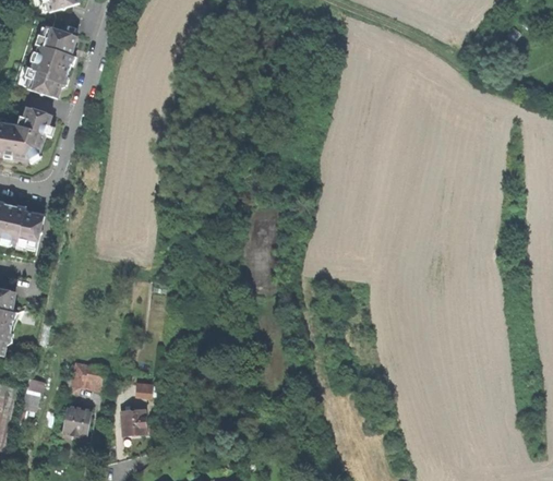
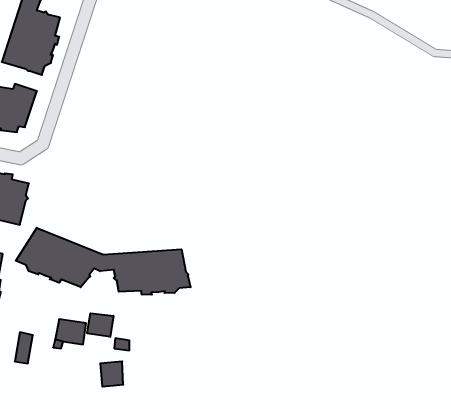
building: none -> [16,228,191,295]
building: none -> [87,313,113,337]
building: [61,406,92,440] -> none

